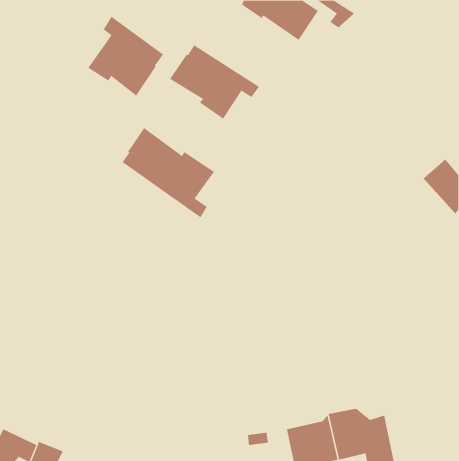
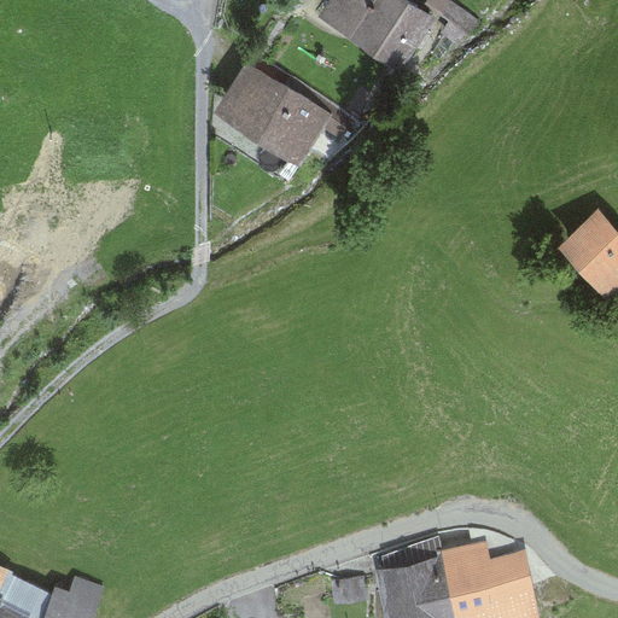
building: [88,16,164,96] -> none
building: [122,127,215,218] -> none

